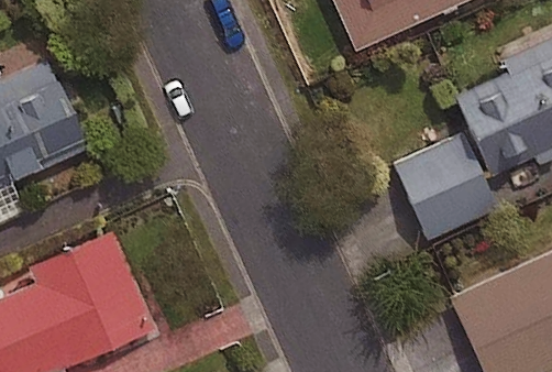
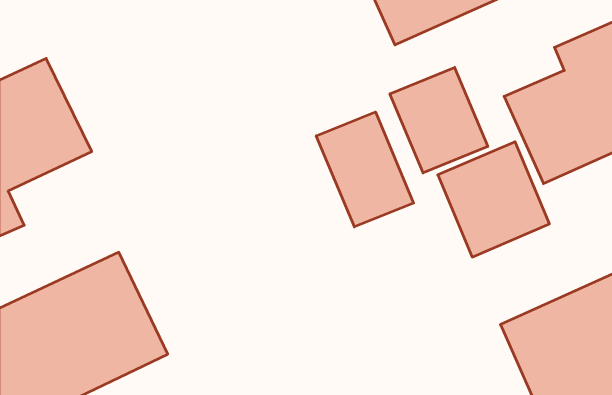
building: none -> [390,67,488,173]
building: none -> [316,112,414,227]

